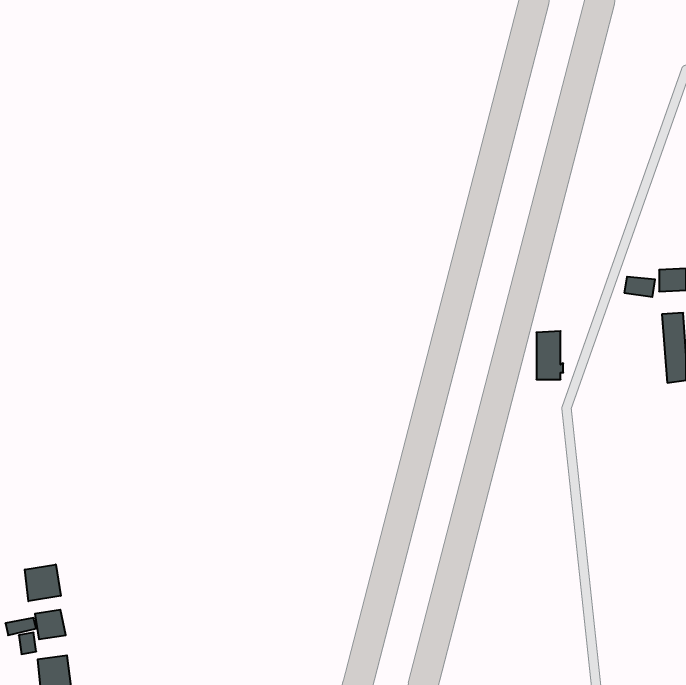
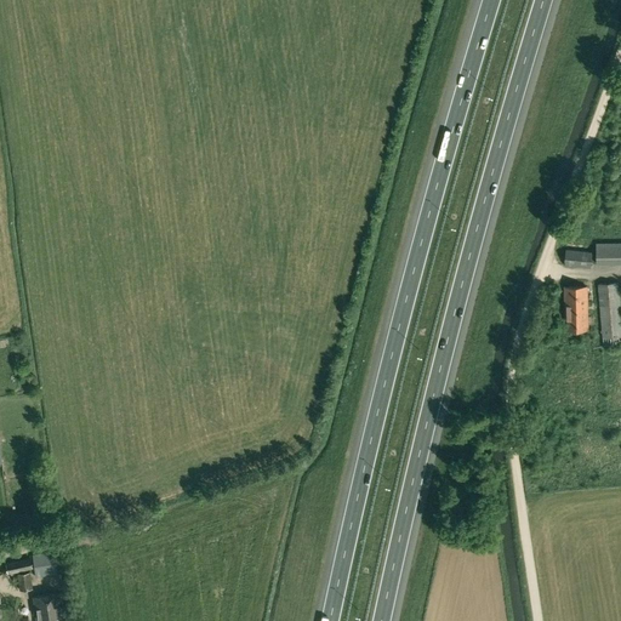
building: [536,331,563,379] -> [565,287,589,331]
building: [25,564,61,601] -> none

